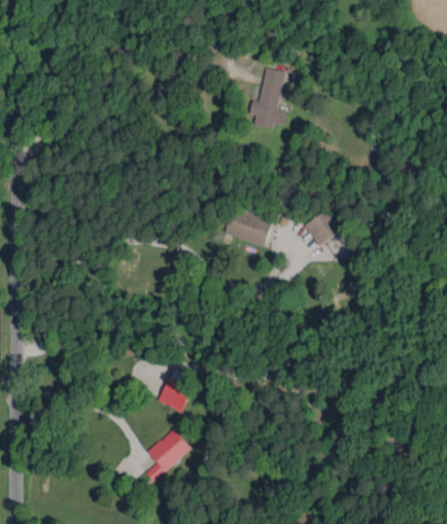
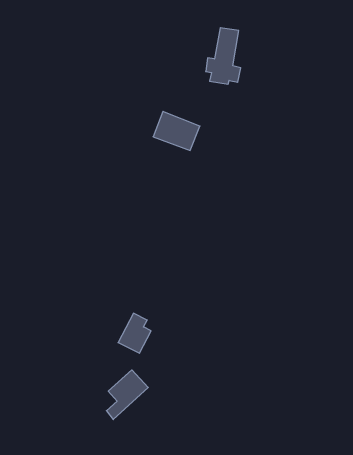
building: [224,206,273,247] -> [153,111,200,150]
building: [305,212,338,246] -> none

